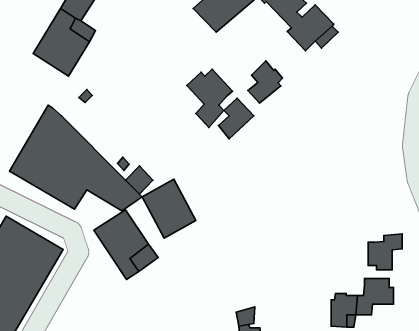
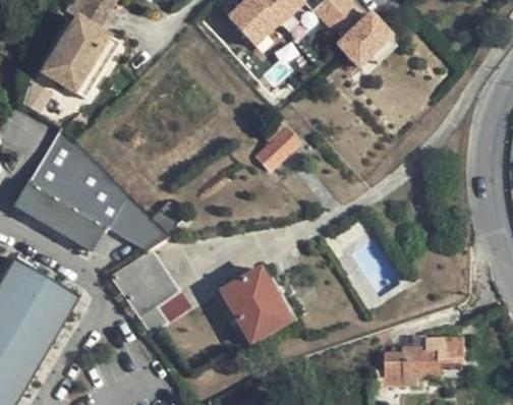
building: [248,61,283,103] -> none
building: [187,69,232,127] -> none
building: [142,179,196,238] -> [225,273,287,341]
building: [368,234,402,270] -> none

